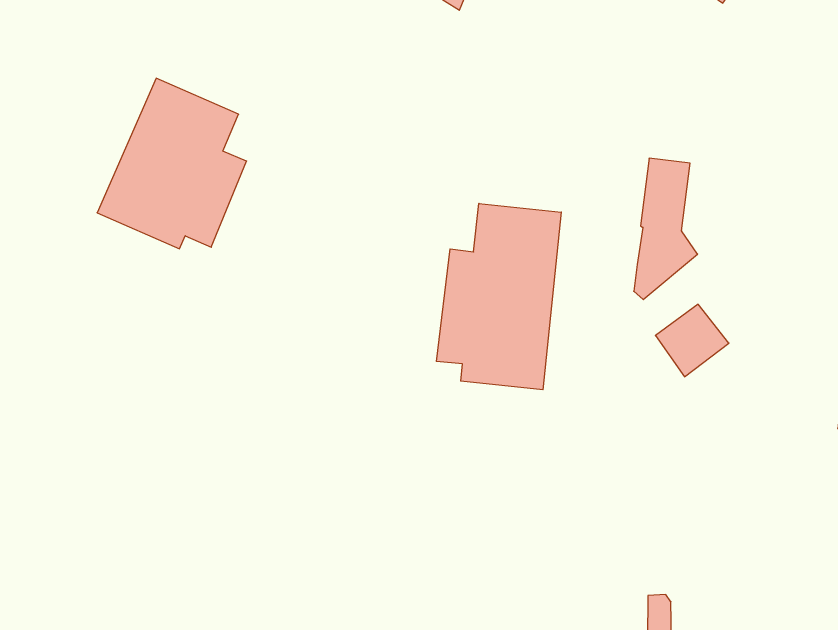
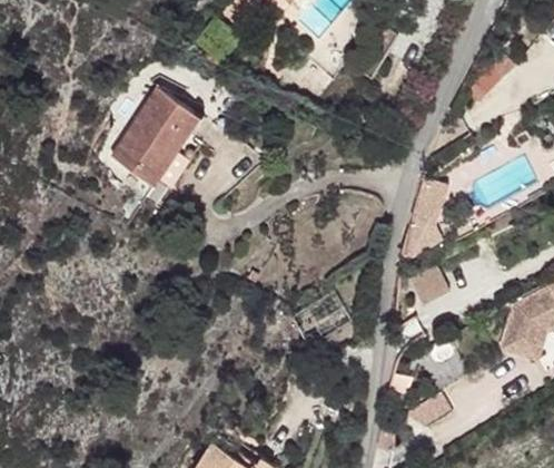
building: [436,203,561,390] -> none

